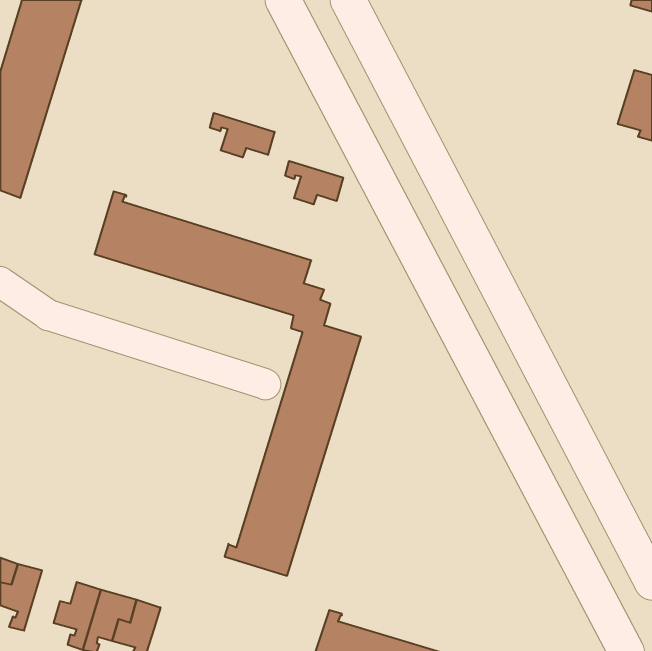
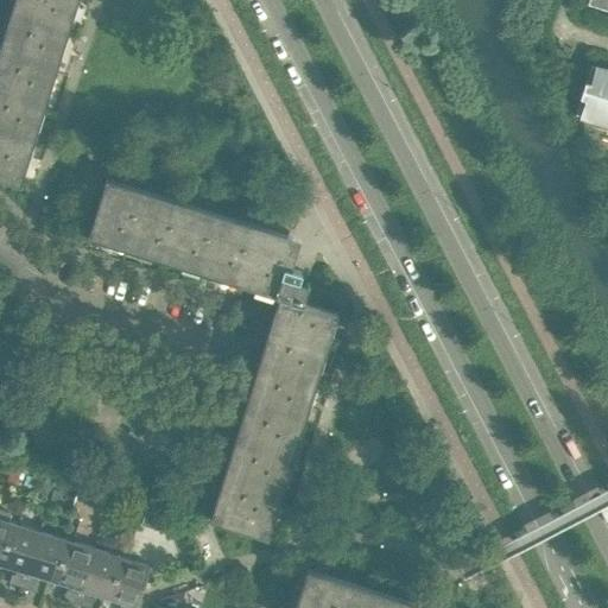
building: [210,113,275,157] -> none
building: [285,161,343,204] -> none
building: none -> [23,532,71,593]

